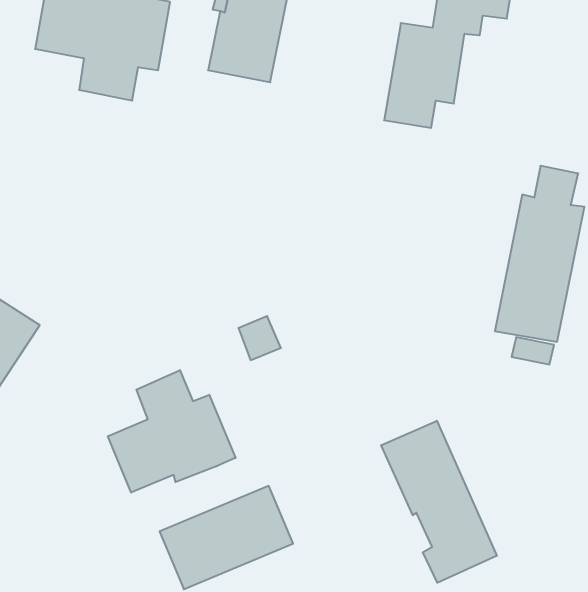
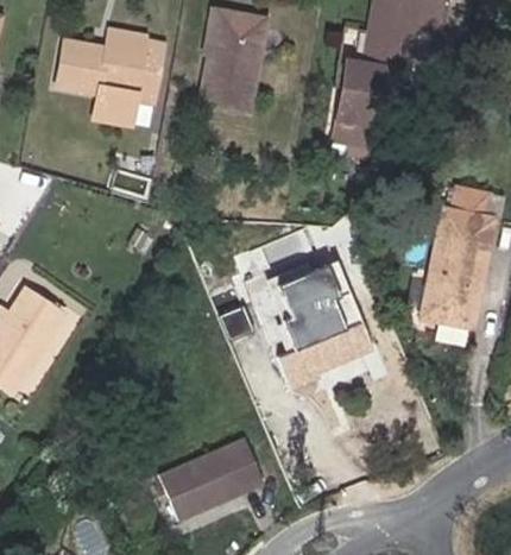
building: none -> [266,248,372,386]
building: [108,370,236,493] -> none
building: [381,421,497,583] -> none

